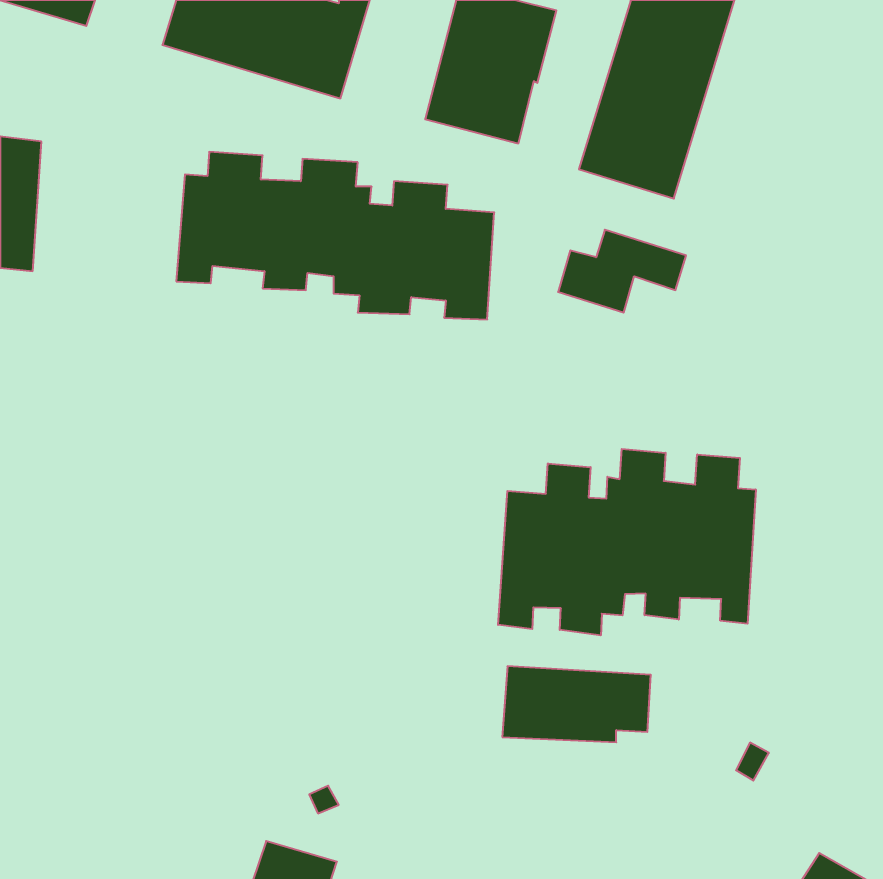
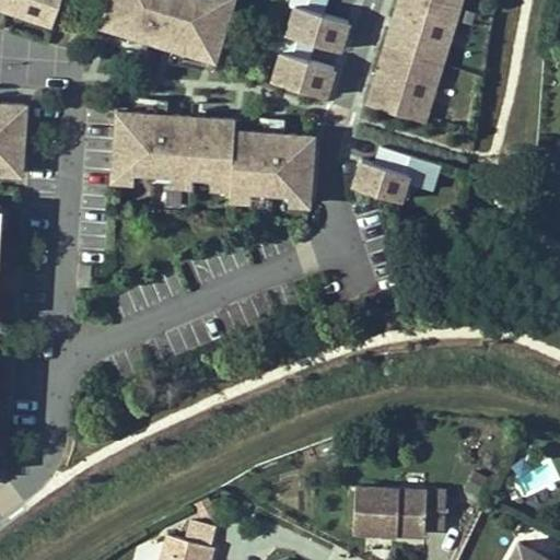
building: [498,449,756,635] -> none
building: [502,666,651,742] -> [352,487,446,535]

